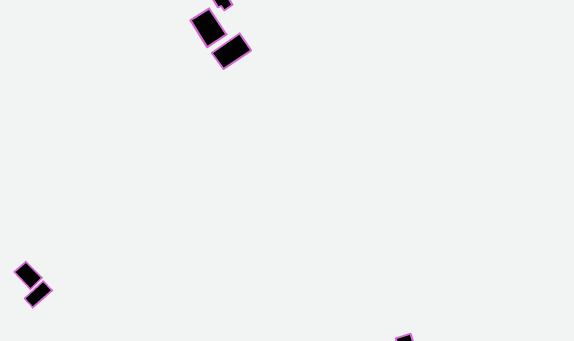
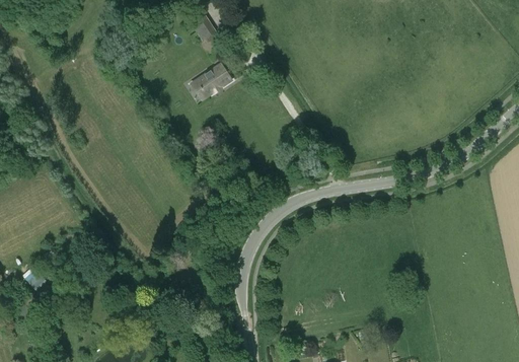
building: [190,8,227,47] -> none

